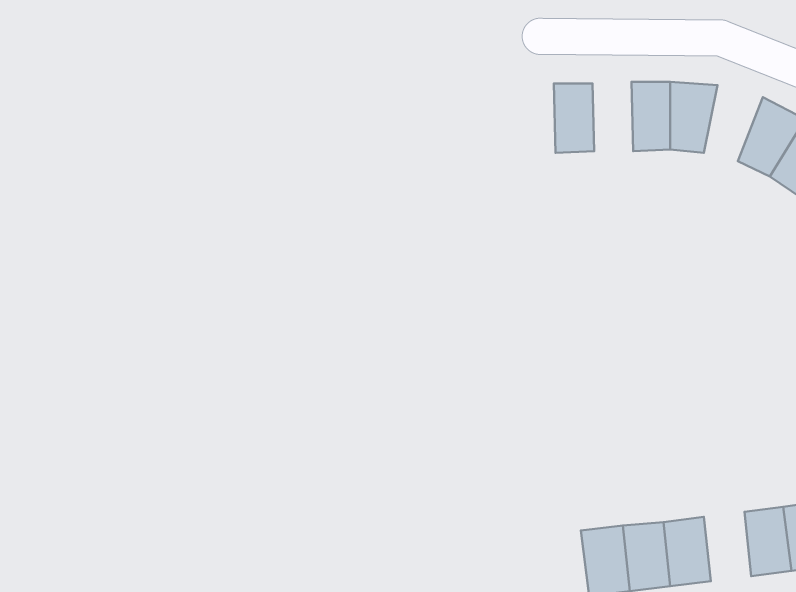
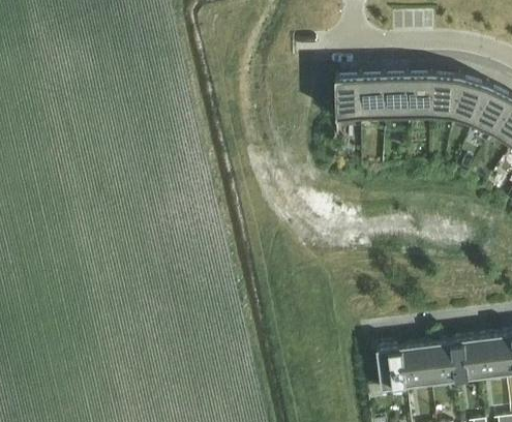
building: none -> [384,74,409,117]
building: none -> [335,76,361,118]
building: none -> [452,77,488,123]
building: none -> [452,338,481,381]

